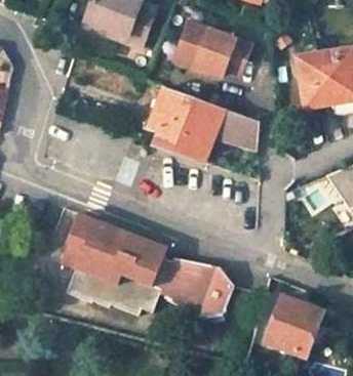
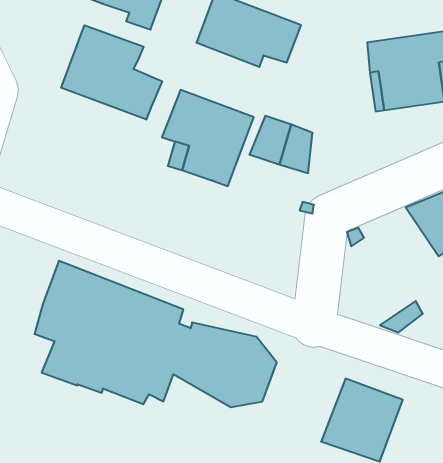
building: none -> [61,25,162,120]

